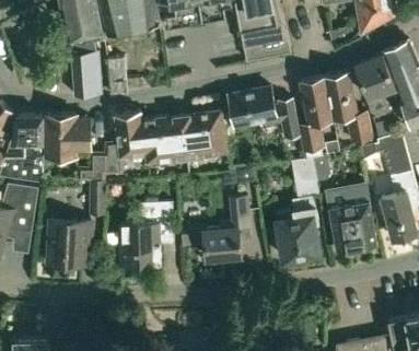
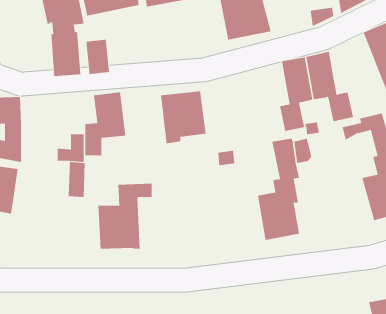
building: [353,55,395,119] -> none
building: [228,87,300,138] -> none
building: [141,115,185,165] -> none
building: [45,116,90,157] -> none
building: [326,185,376,251] -> none
building: [181,198,251,259] -> none
building: [47,220,90,266] -> none

